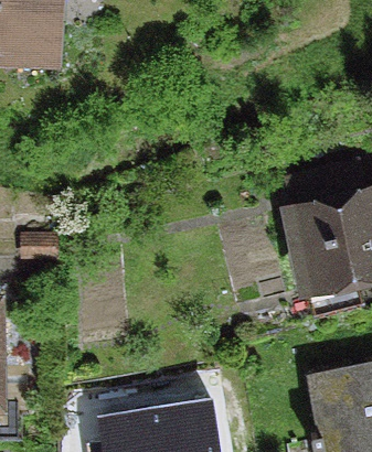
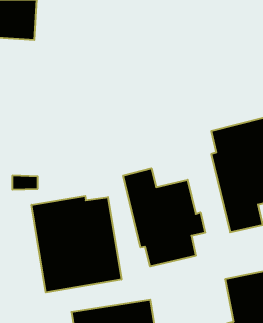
building: none -> [123,168,205,266]
building: none -> [32,196,121,292]

